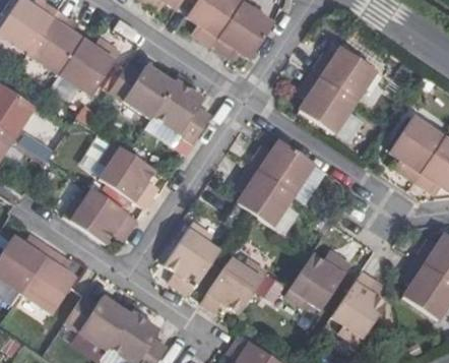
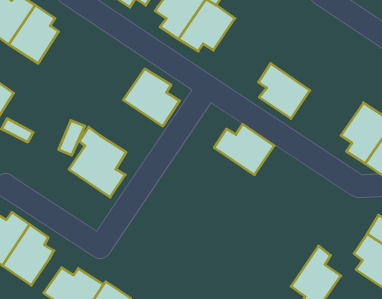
building: [60,38,120,95] -> none
building: [312,47,376,103] -> none
building: [111,63,174,116] -> none
building: [237,165,295,227] -> none
building: [64,188,138,245] -> none
building: [167,224,220,296] -> none
building: [286,253,351,307] -> none
building: [201,258,266,313] -> none

